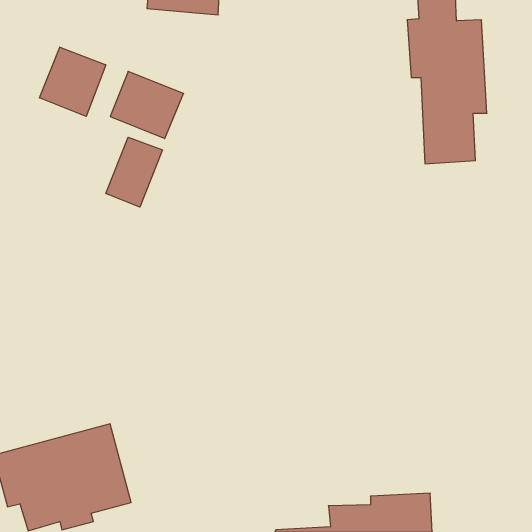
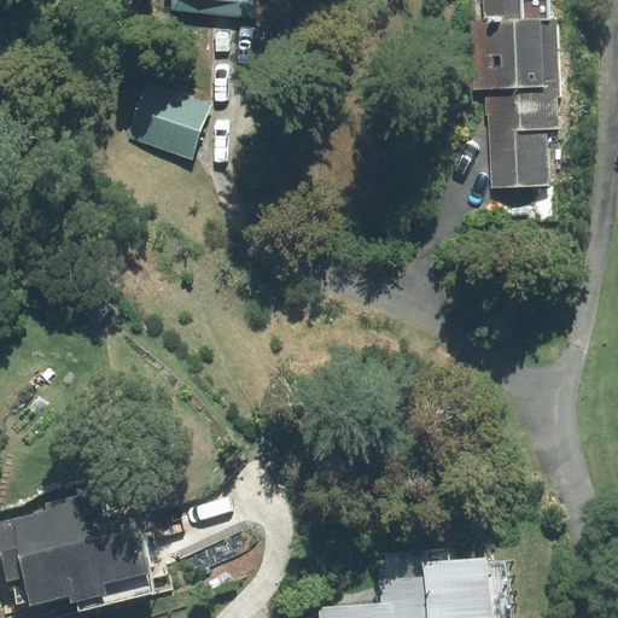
building: [40,47,106,116] -> none
building: [106,137,163,207] -> none

